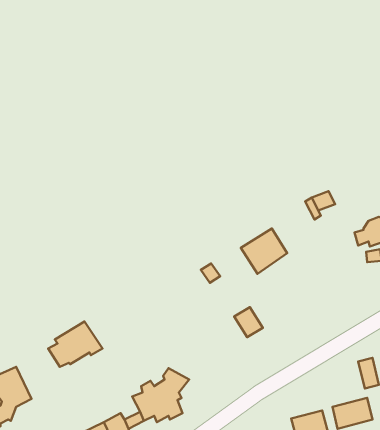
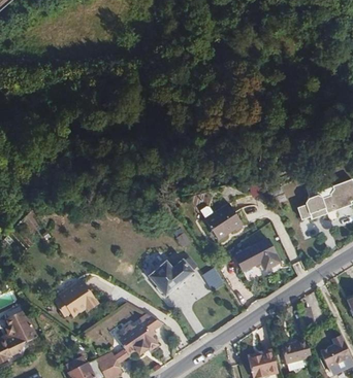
building: none -> [234,239,280,271]
building: none -> [149,260,192,298]

